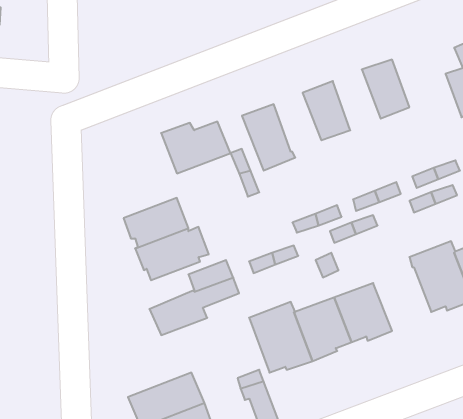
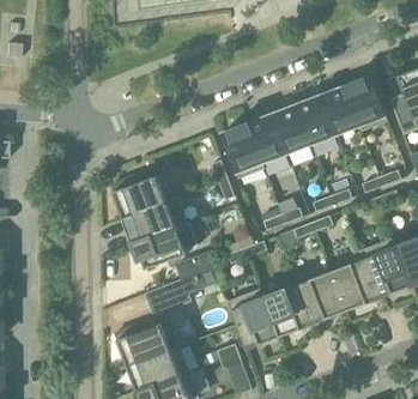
building: none -> [346,75,389,132]
building: none -> [297,95,337,145]
building: none -> [248,114,287,163]
building: [161,122,230,173] -> [110,175,168,218]
building: none -> [331,259,378,312]
building: none -> [115,320,180,367]

